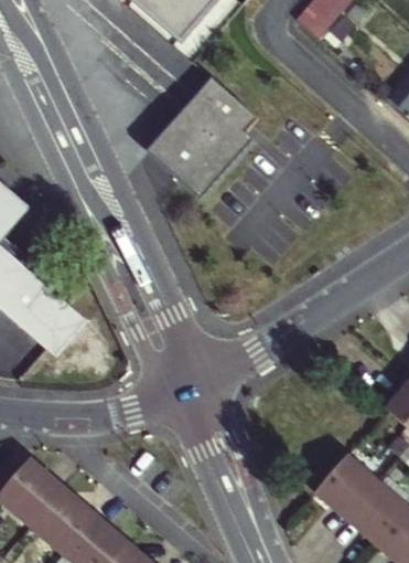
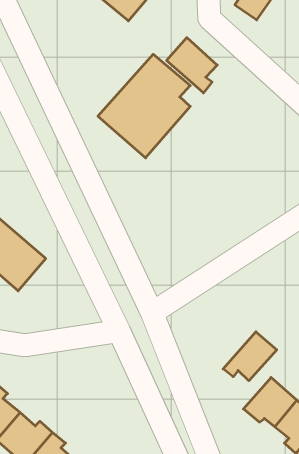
building: none -> [167,38,217,93]
building: none -> [223,332,277,381]

